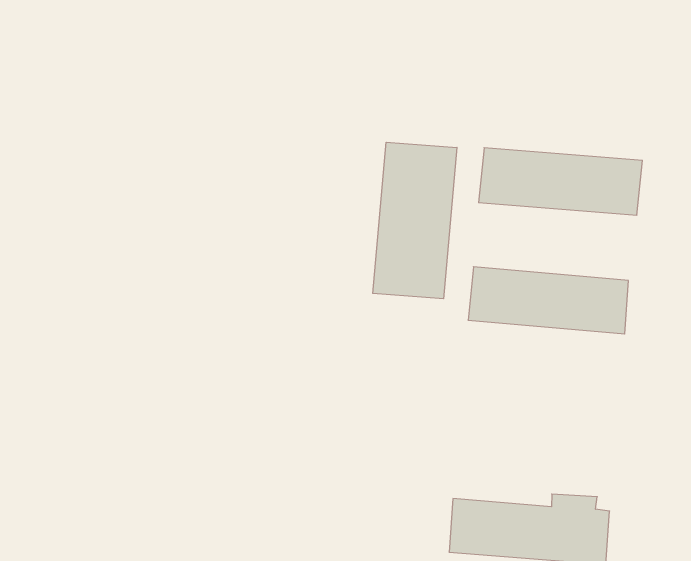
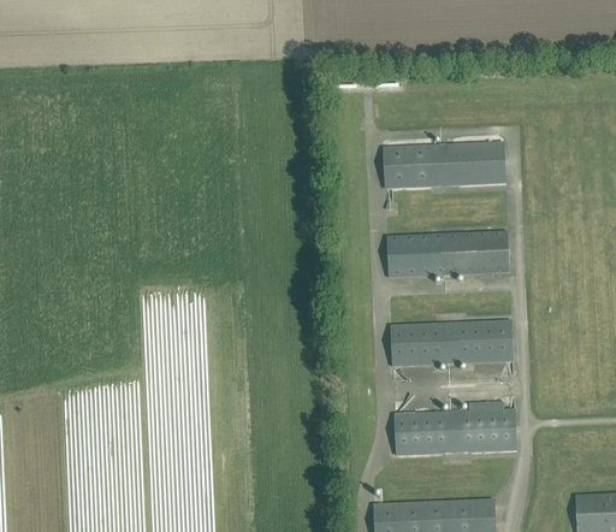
building: [373,142,457,299] -> none
building: none -> [390,319,511,366]

